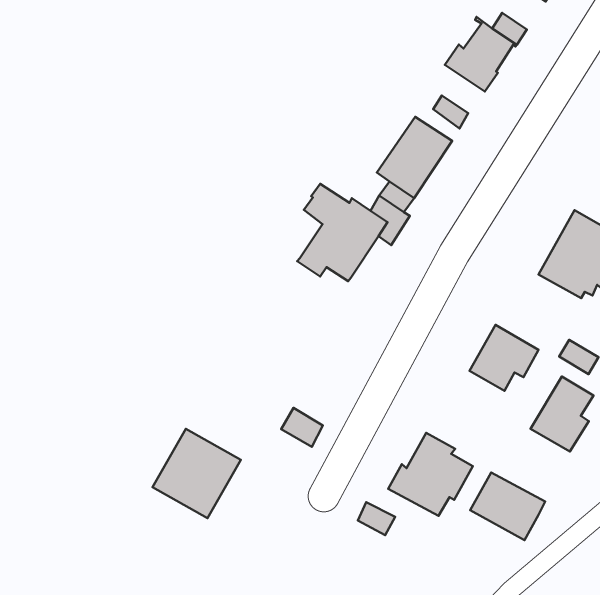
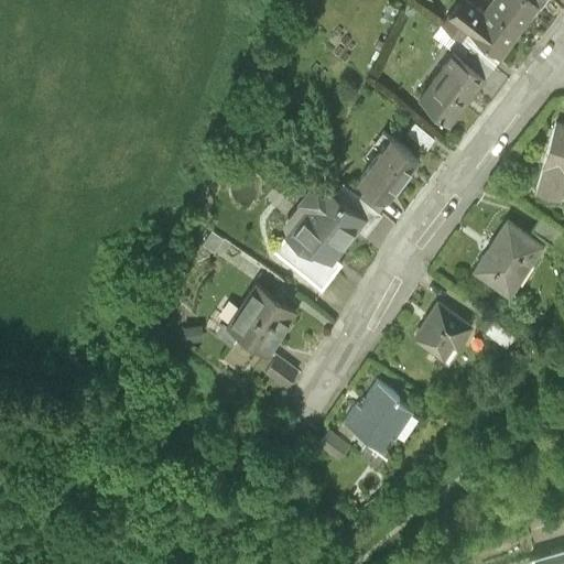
building: none -> [273,234,341,291]
building: [530,376,593,452] -> none
building: [152,429,241,518] -> [225,284,294,354]
building: [470,473,545,540] -> none

